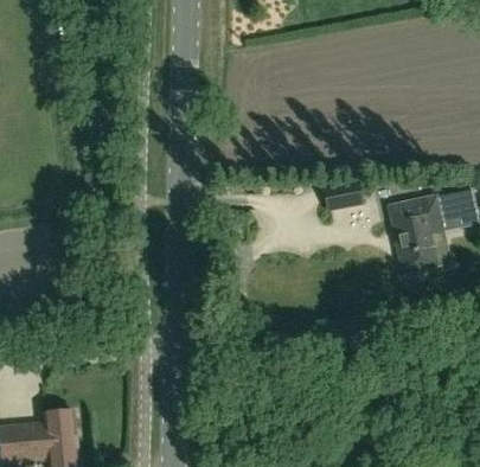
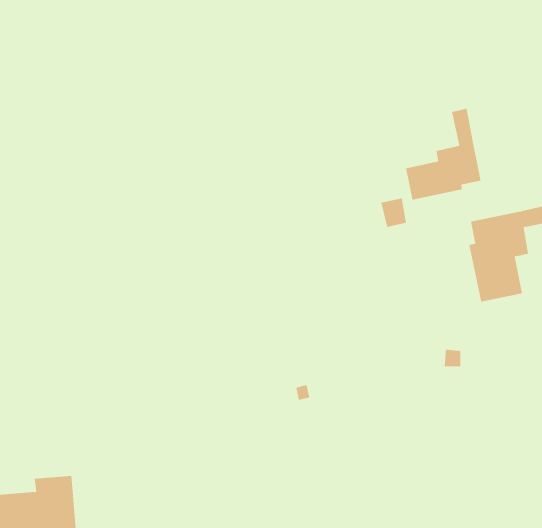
building: none -> [405,108,481,200]

